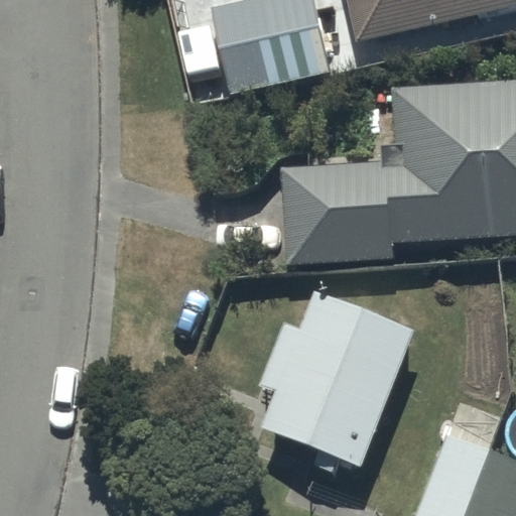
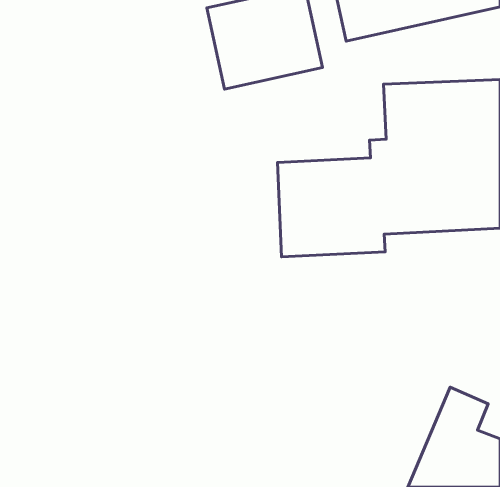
building: [258,292,414,475] -> none

